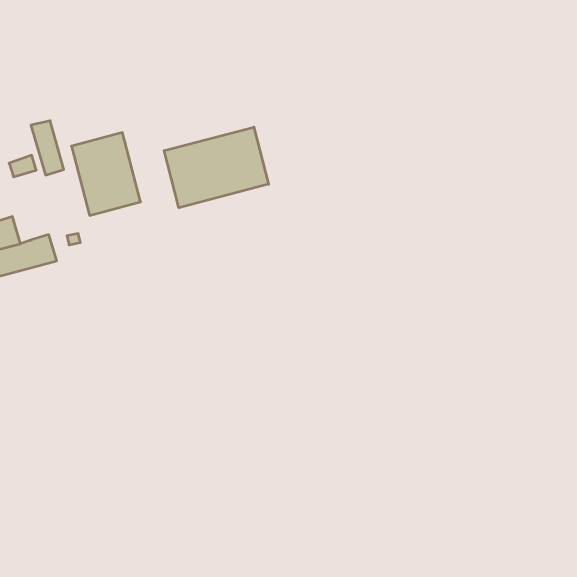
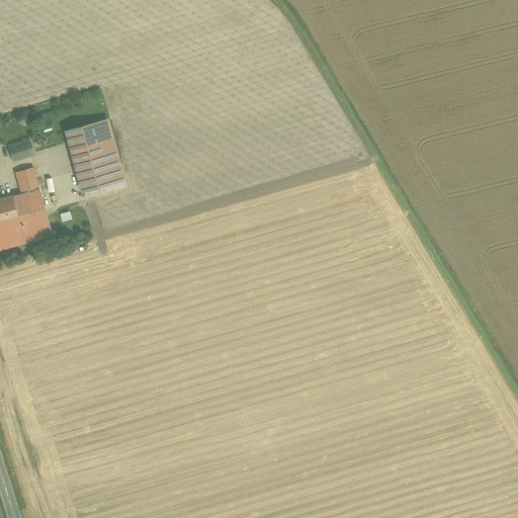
building: [31,121,64,175] -> [14,166,44,214]
building: [164,127,269,208] -> none

